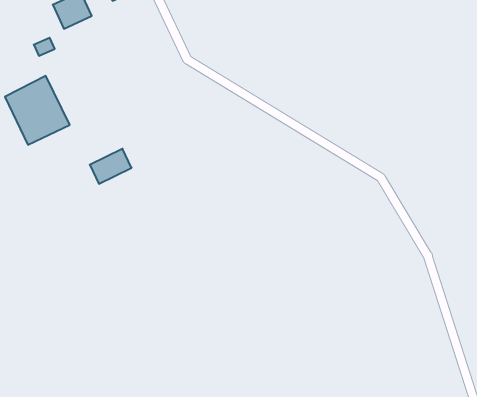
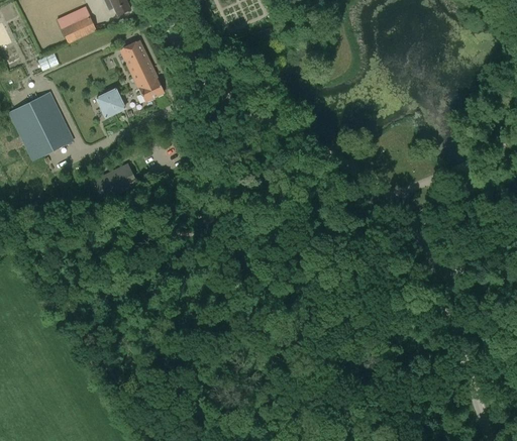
building: none -> [118,39,165,102]
building: none -> [97,89,125,117]

